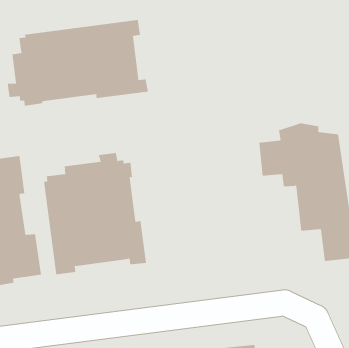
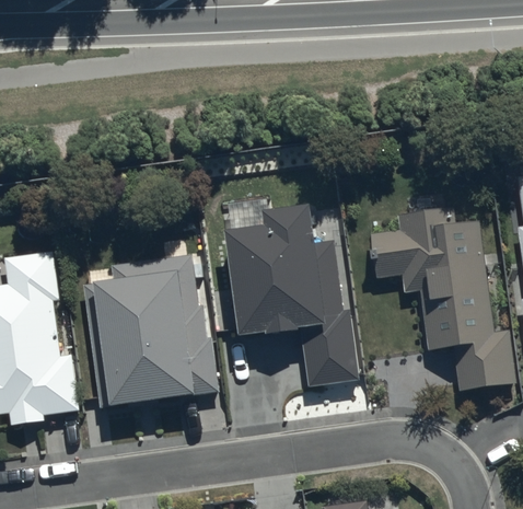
building: [7,19,148,107] -> none
building: none -> [214,205,360,394]

